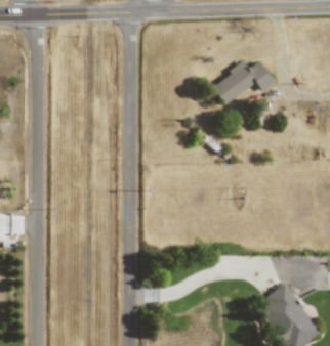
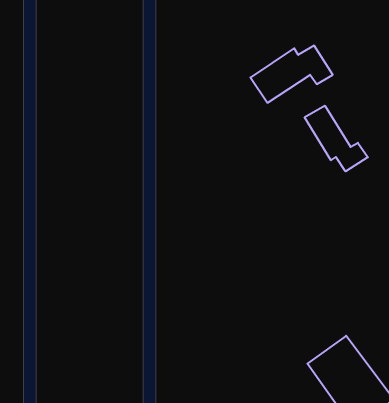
building: none -> [305,106,368,171]

